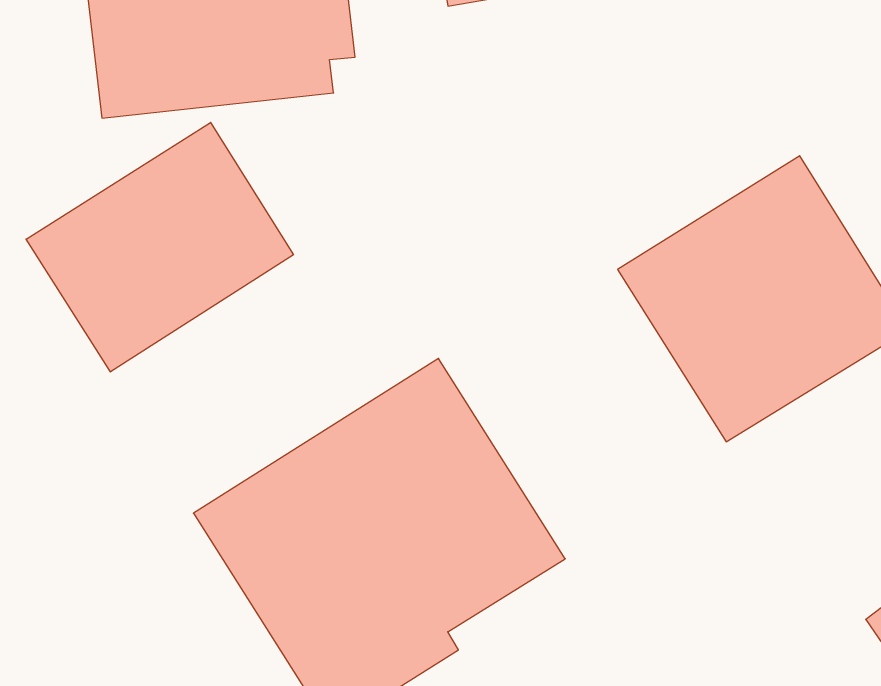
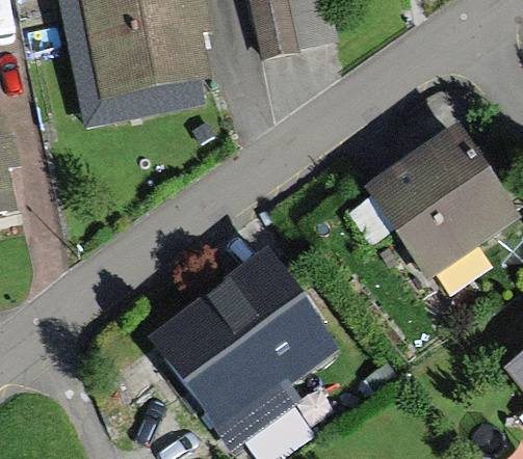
building: [26,122,293,372] -> none

